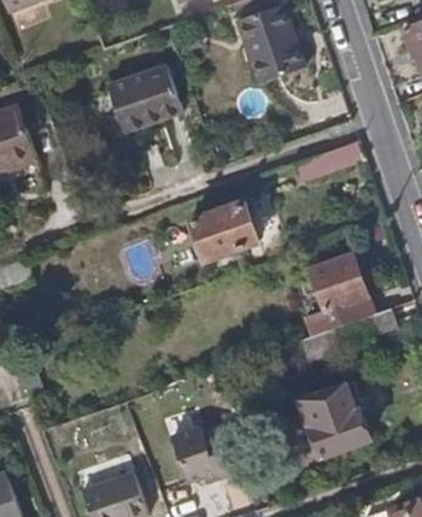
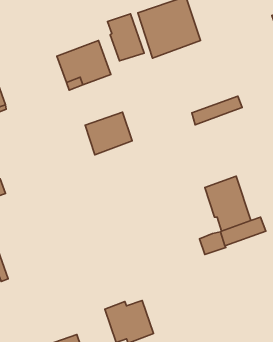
building: none -> [107,14,144,61]
building: [193,201,258,260] -> [85,112,132,155]
building: [303,383,370,456] -> none

